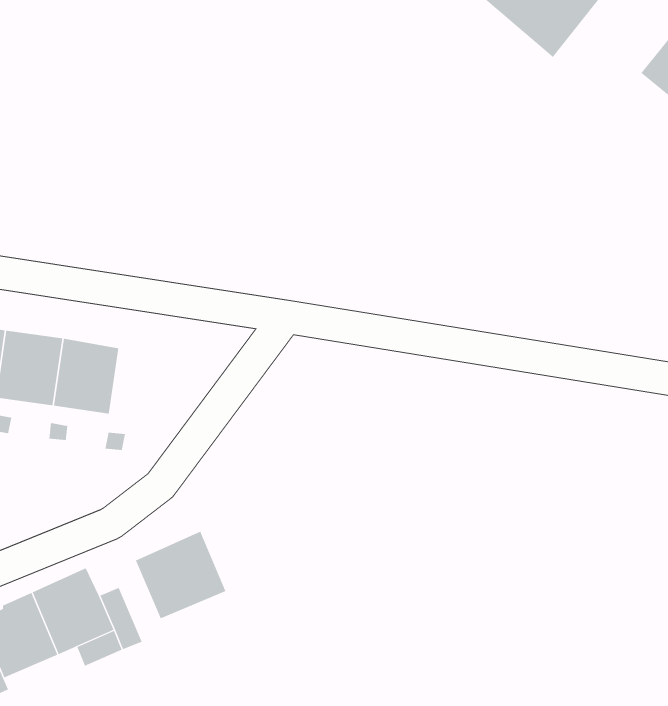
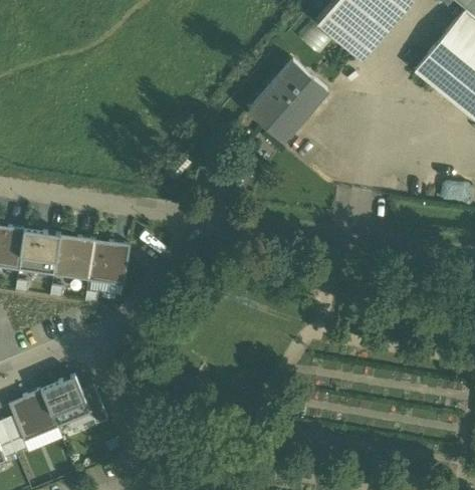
building: none -> [247,60,325,141]
building: none -> [89,239,131,284]
building: [135,531,226,619] -> none

